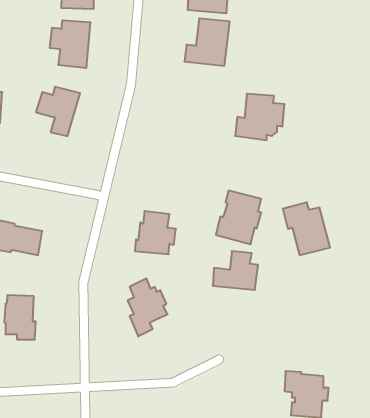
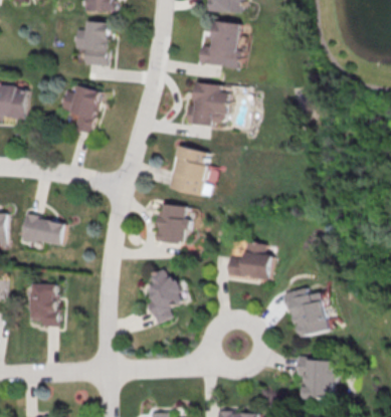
building: [235,94,285,140] -> [187,83,234,128]
building: [216,191,261,244] -> [167,146,210,197]
building: [283,202,330,255] -> [284,287,330,338]

